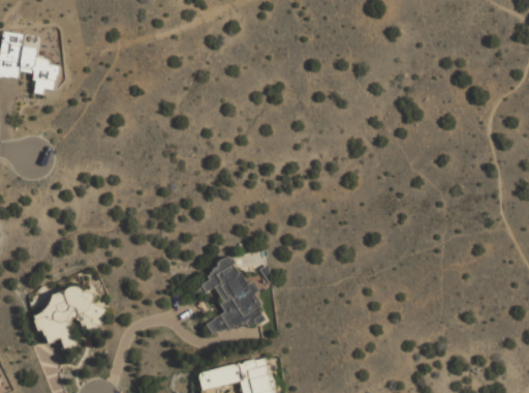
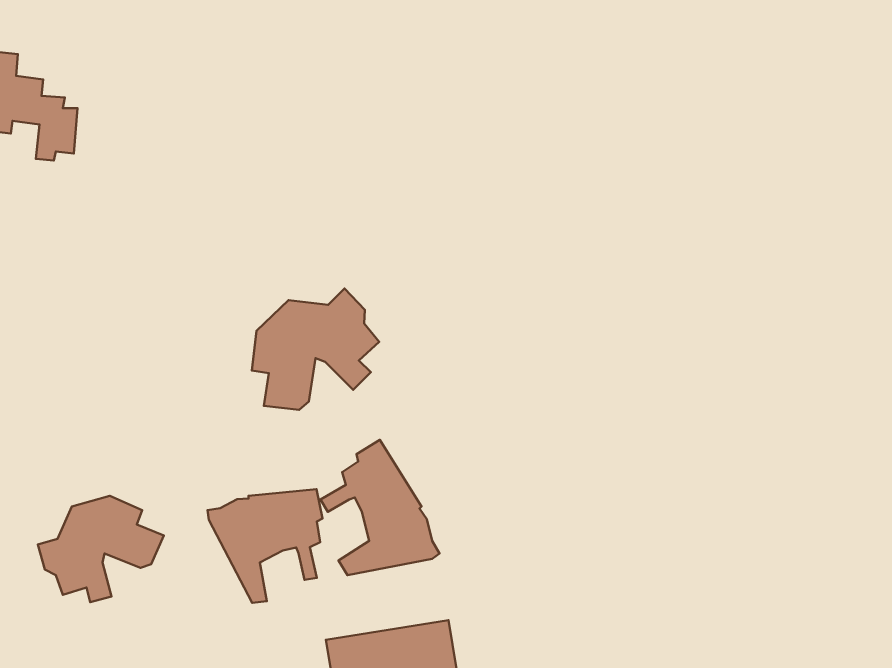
building: none -> [252,289,379,410]
building: none -> [208,489,322,603]

